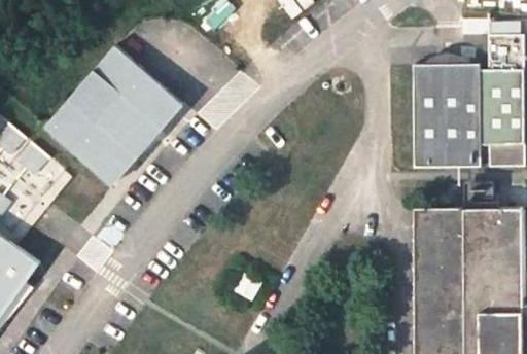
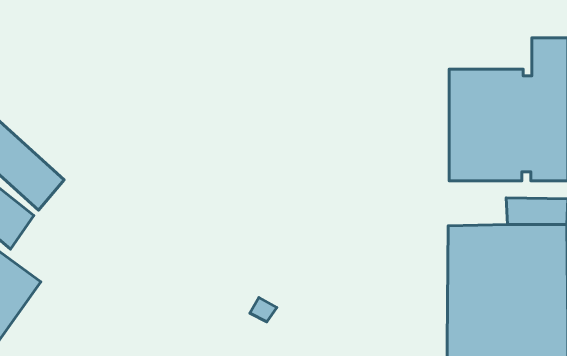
building: [46,45,184,184] -> none

